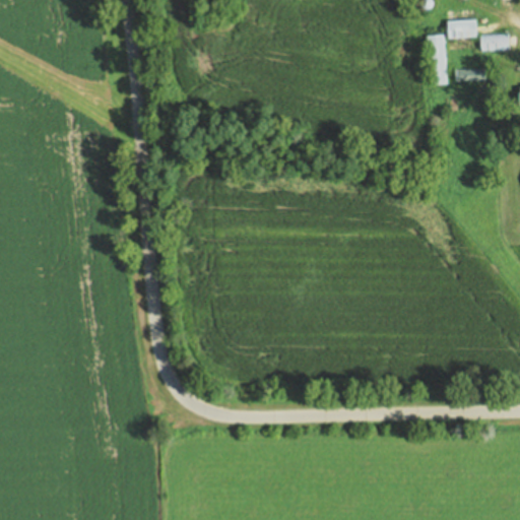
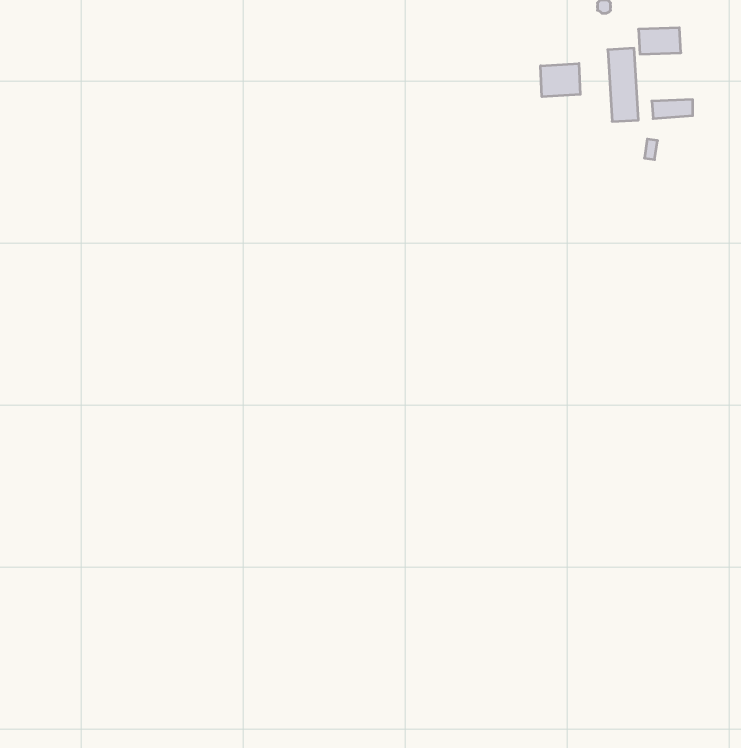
building: [481,34,510,51] -> none
building: none -> [541,63,580,97]

